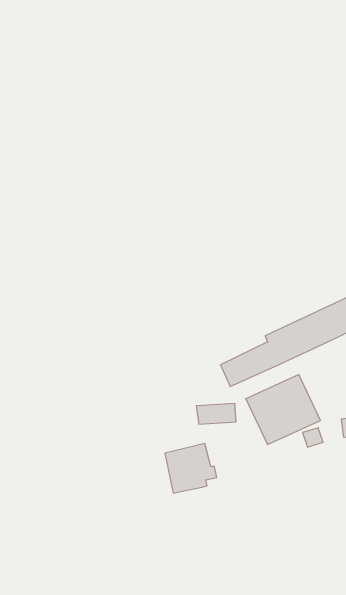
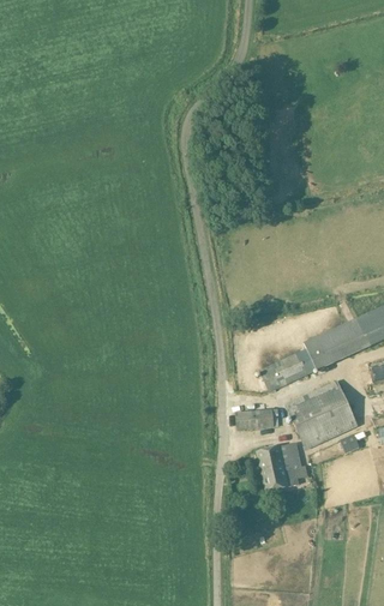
building: [165,444,217,493] -> [256,443,307,492]

